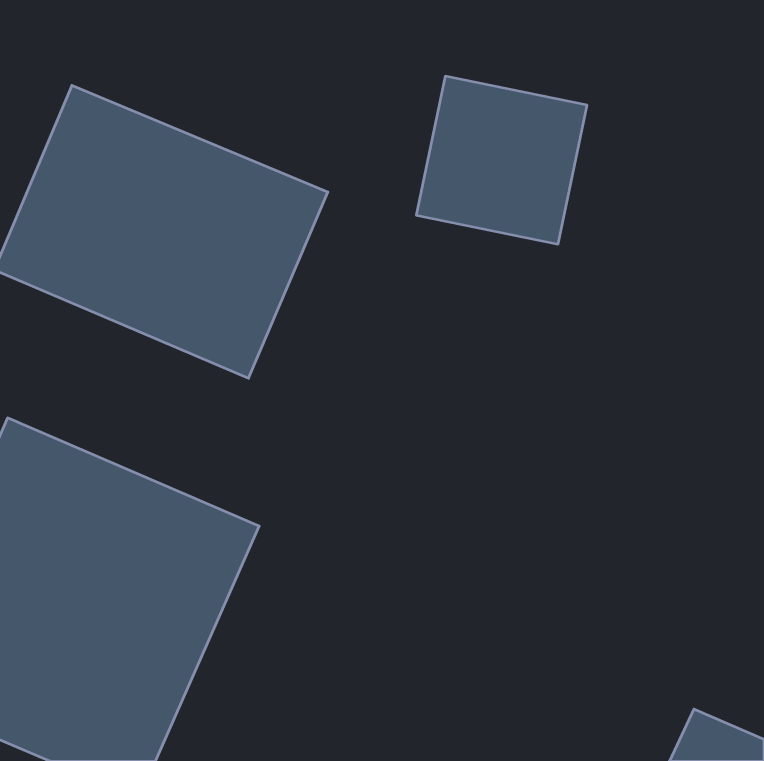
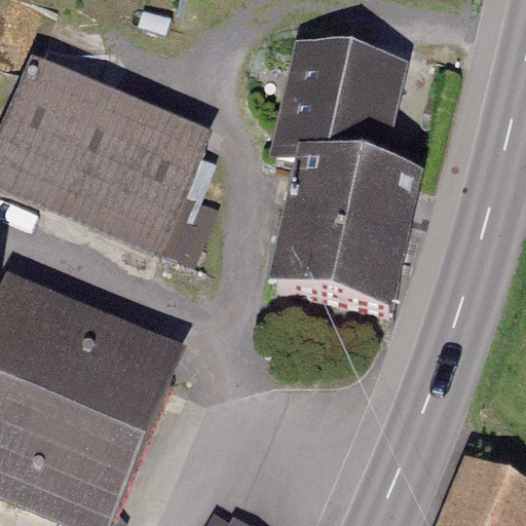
building: none -> [279,152,407,320]

